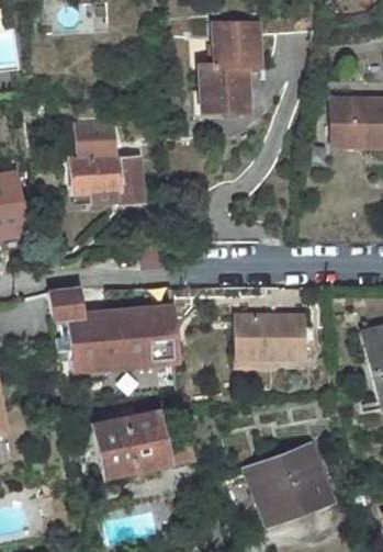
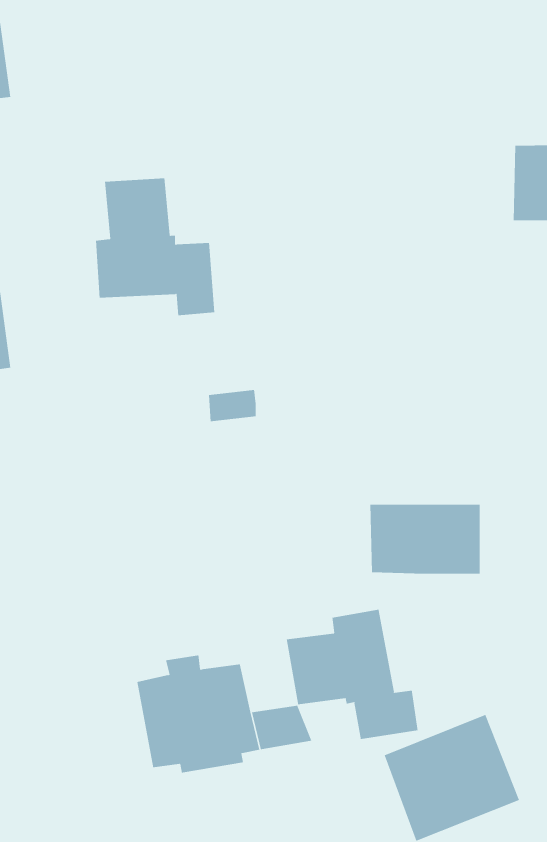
building: [203,16,257,103] -> none
building: [53,290,179,370] -> none
building: none -> [286,609,418,740]

